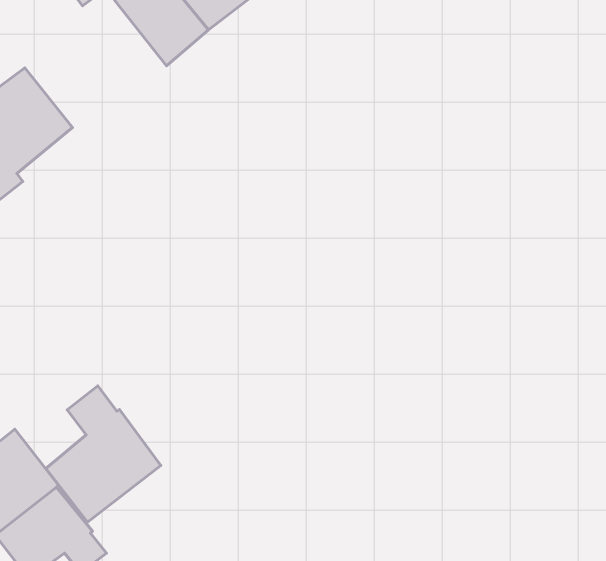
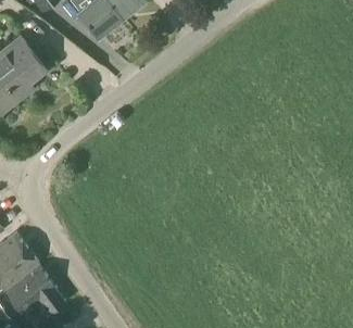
building: [46,386,161,522] -> none

